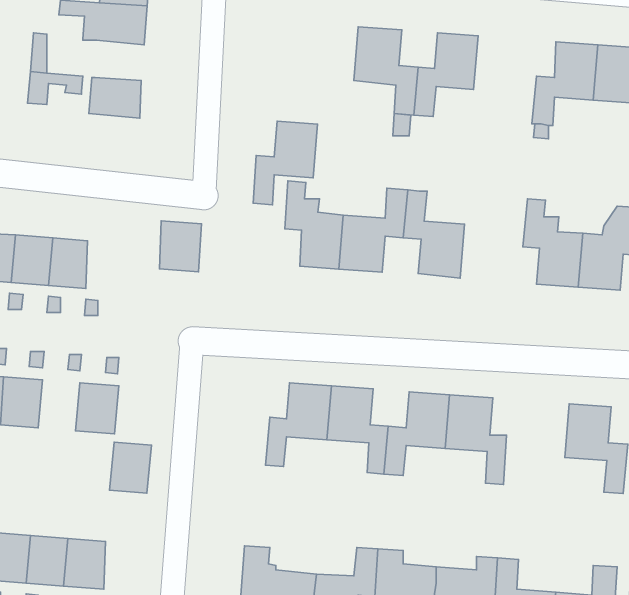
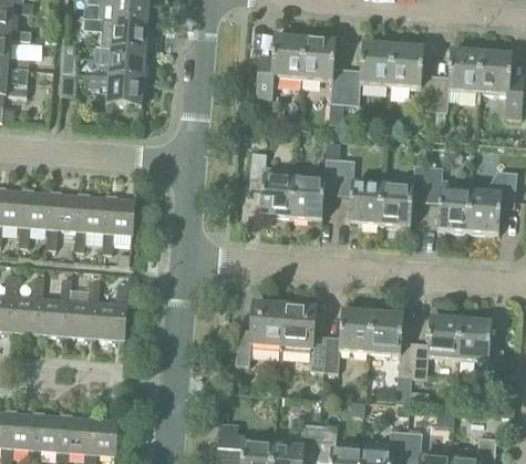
building: none -> [389,45,435,111]
building: none -> [95,47,145,79]
building: [253,121,318,205] -> [256,37,303,99]
building: none -> [379,165,429,227]
building: [160,221,201,272] -> [102,197,133,235]
building: none -> [411,316,460,379]
building: [110,442,151,493] -> [66,300,97,338]

